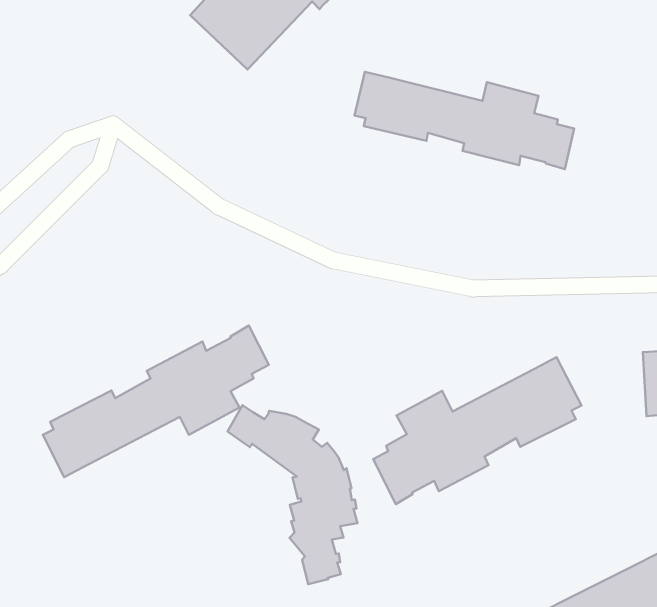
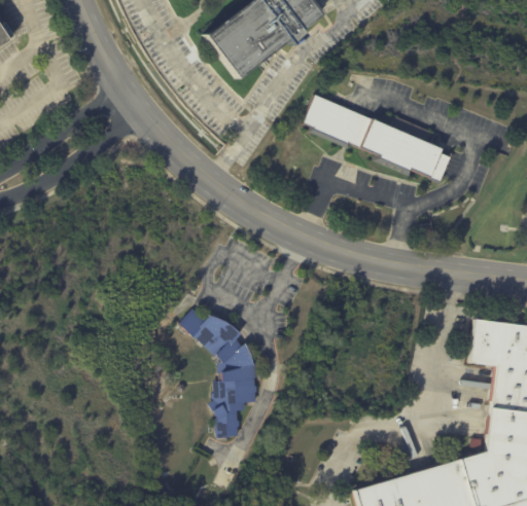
building: [43,326,269,477] -> none
building: [373,357,581,504] -> none

